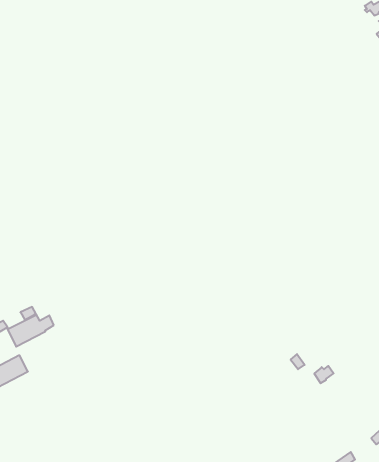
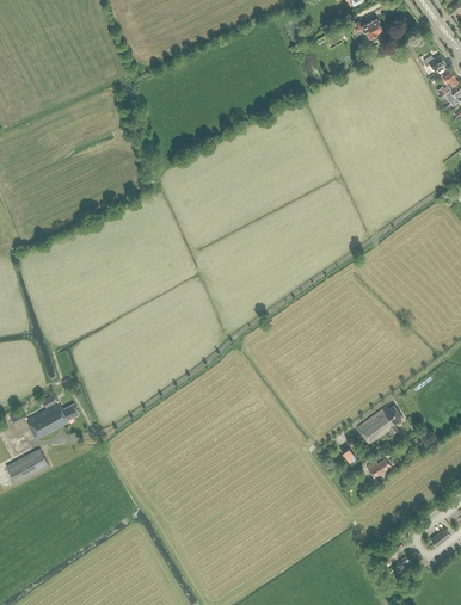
building: none -> [356,405,401,445]

